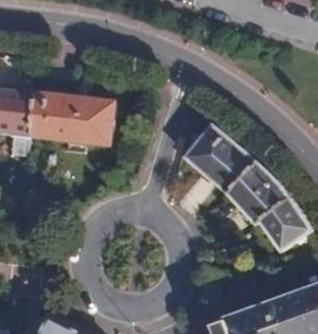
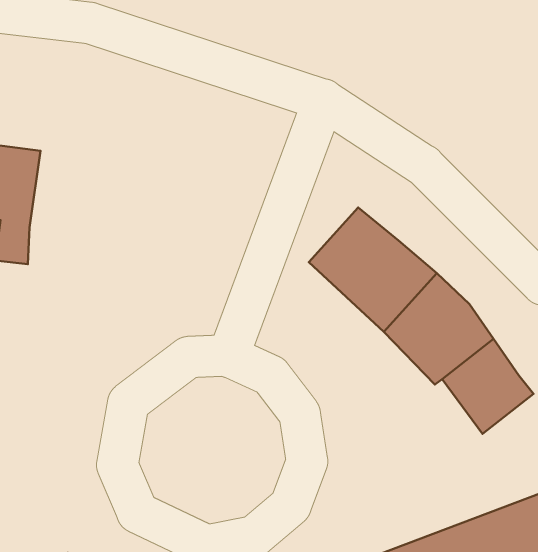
building: [28,90,112,146] -> none

